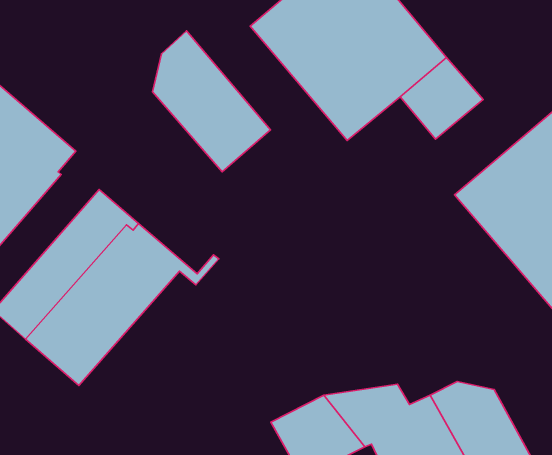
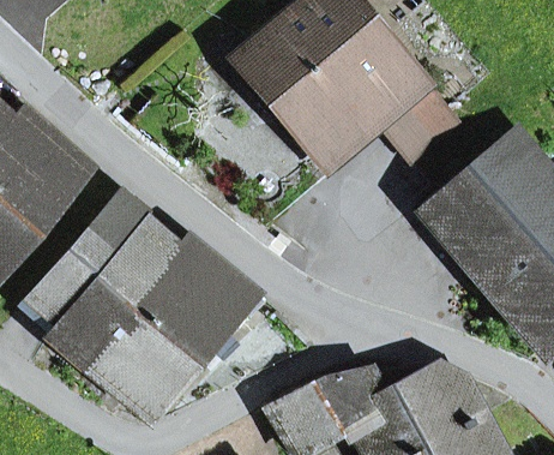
building: [153,31,270,172] -> none
building: none -> [95,262,259,421]

